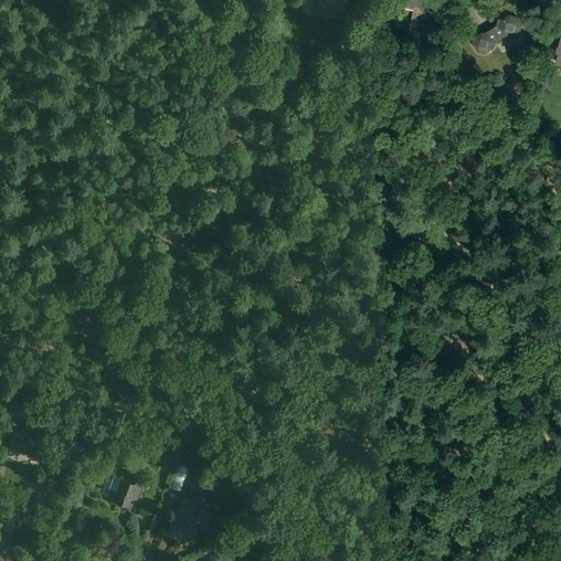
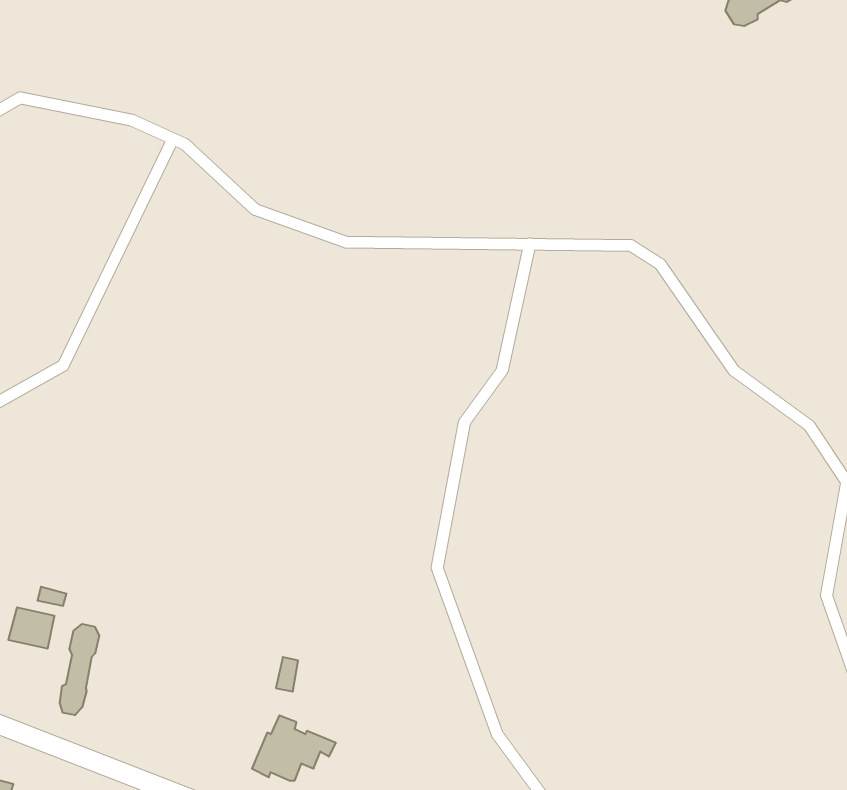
building: none -> [60,624,99,715]
building: [108,477,142,509] -> none

